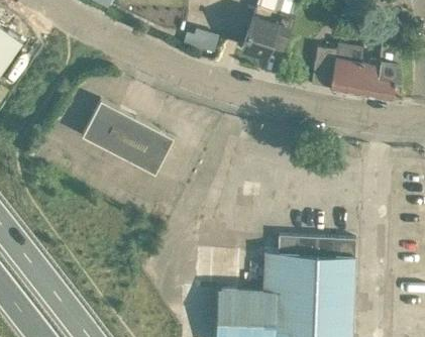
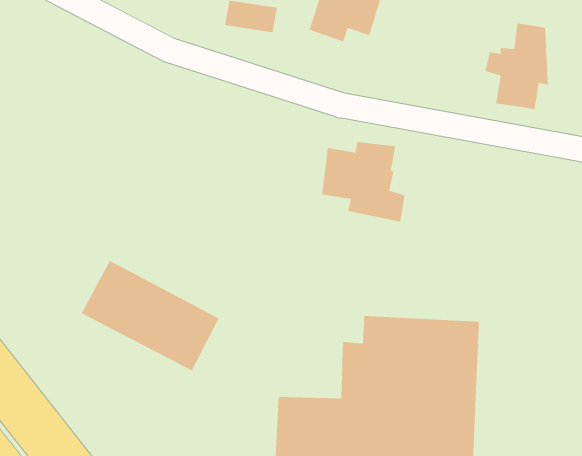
building: [313,44,368,98] -> [321,141,405,222]
building: [81,102,173,176] -> [80,260,220,372]

